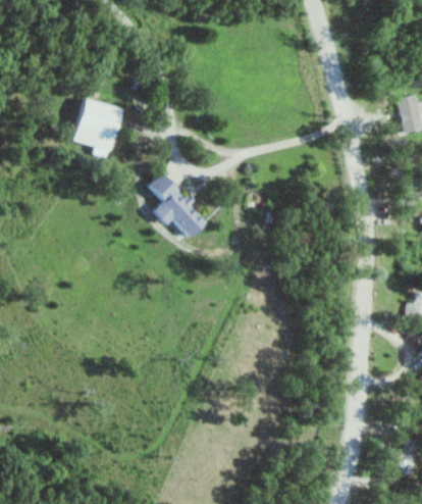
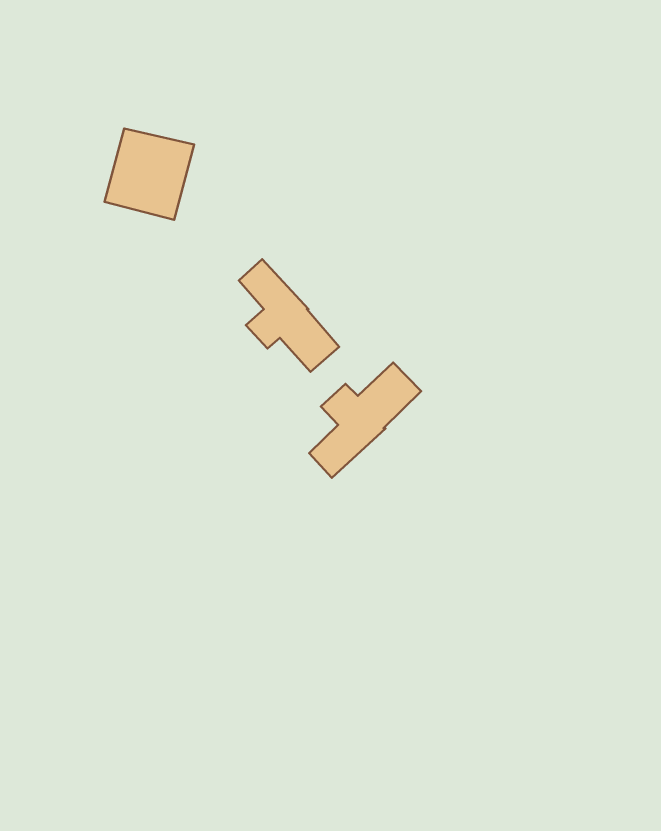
building: none -> [309,362,421,478]

